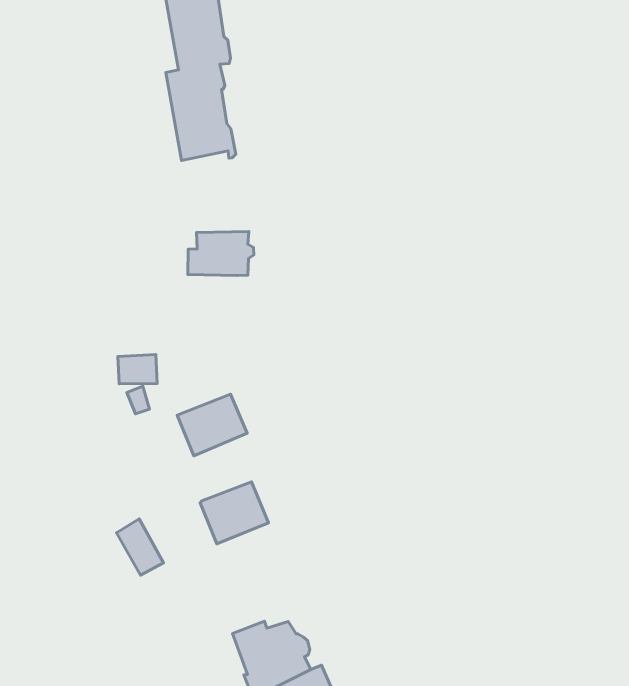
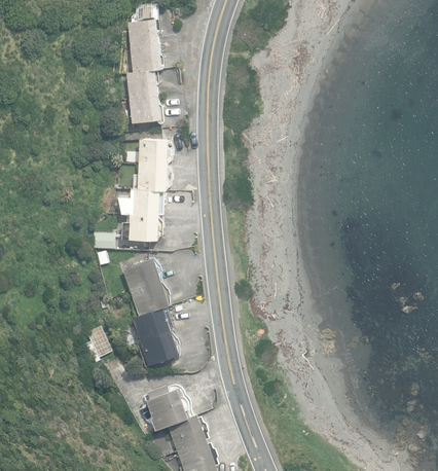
building: none -> [143,139,176,167]
building: none -> [123,191,167,243]
building: none -> [131,281,174,318]
building: none -> [145,332,183,366]

